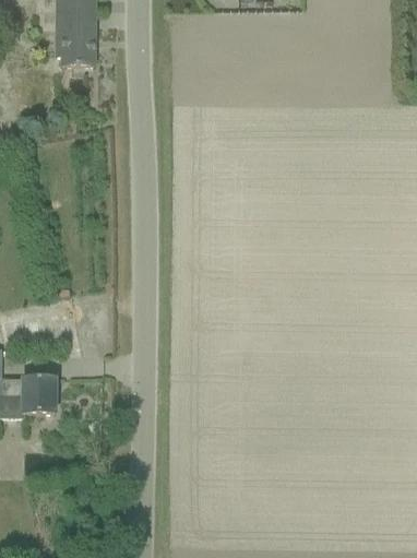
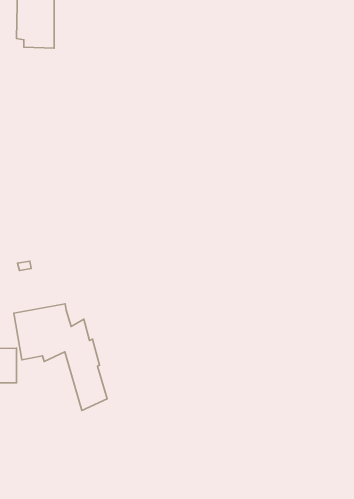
building: none -> [14,304,107,410]

